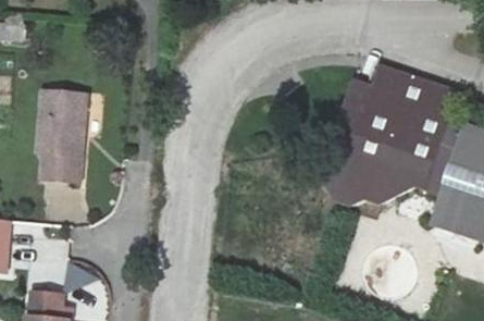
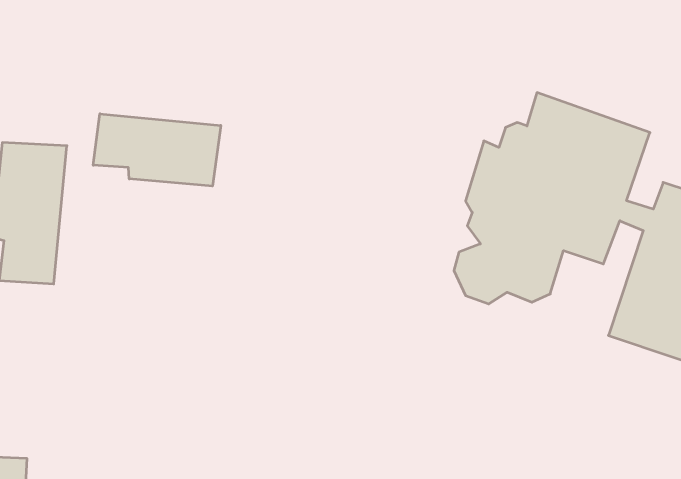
building: none -> [93,114,221,186]

